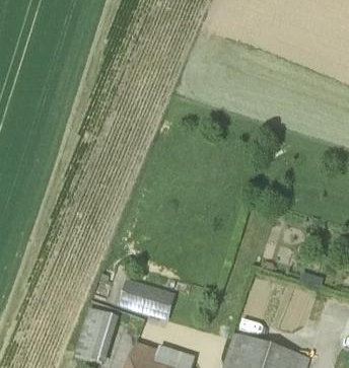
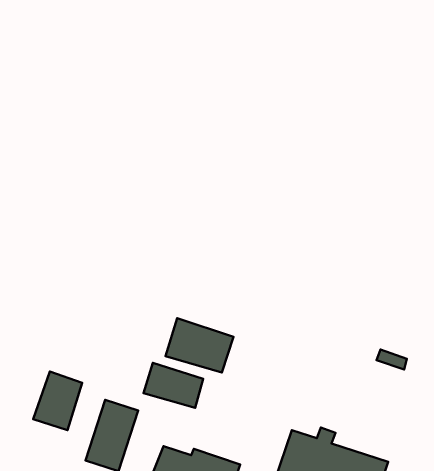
building: none -> [165,318,234,373]
building: none -> [33,371,82,430]

